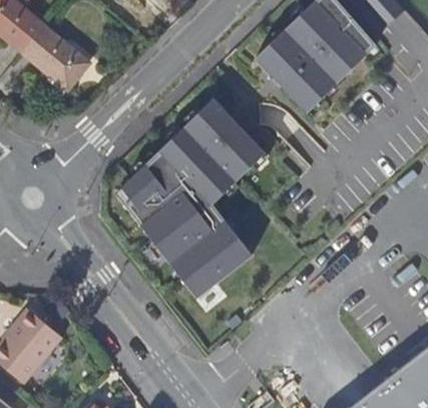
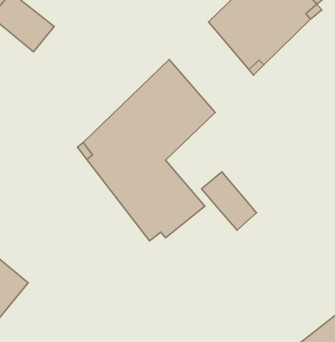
building: none -> [202,172,257,230]

